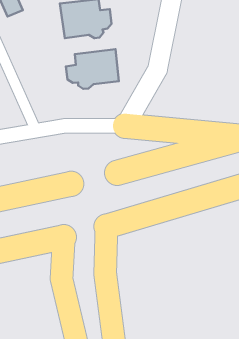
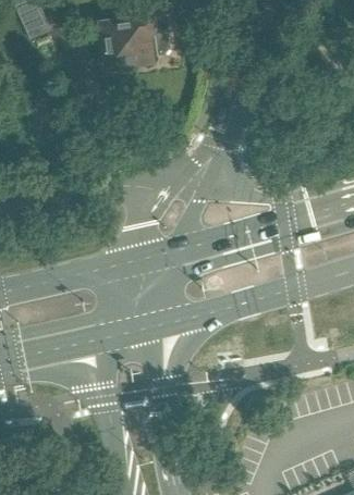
building: [66,49,119,89] -> none

